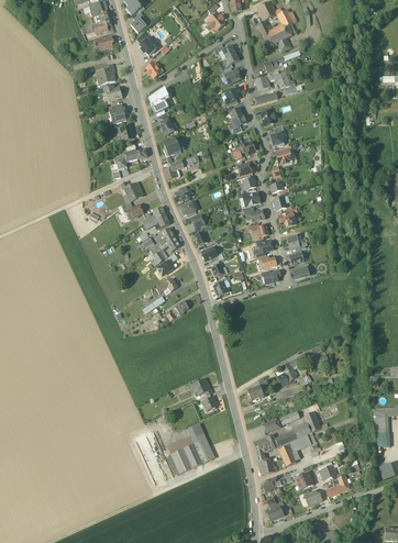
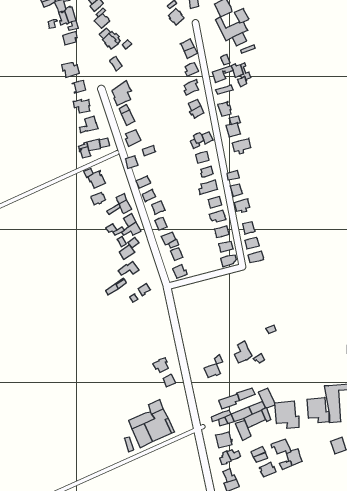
building: none -> [307,397,329,423]
building: none -> [275,401,299,428]

